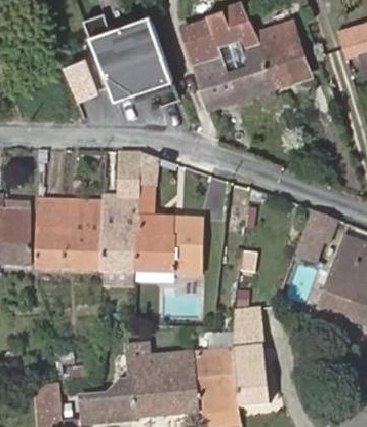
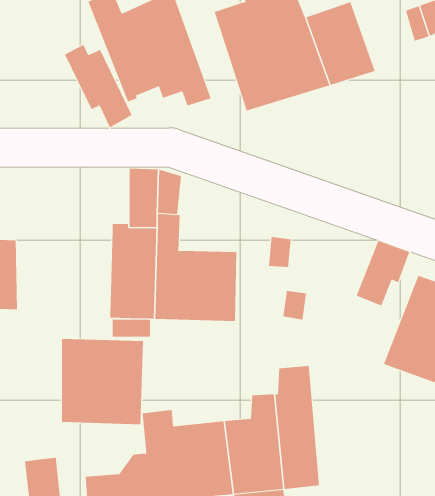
building: [36,200,101,269] -> [61,338,144,425]

